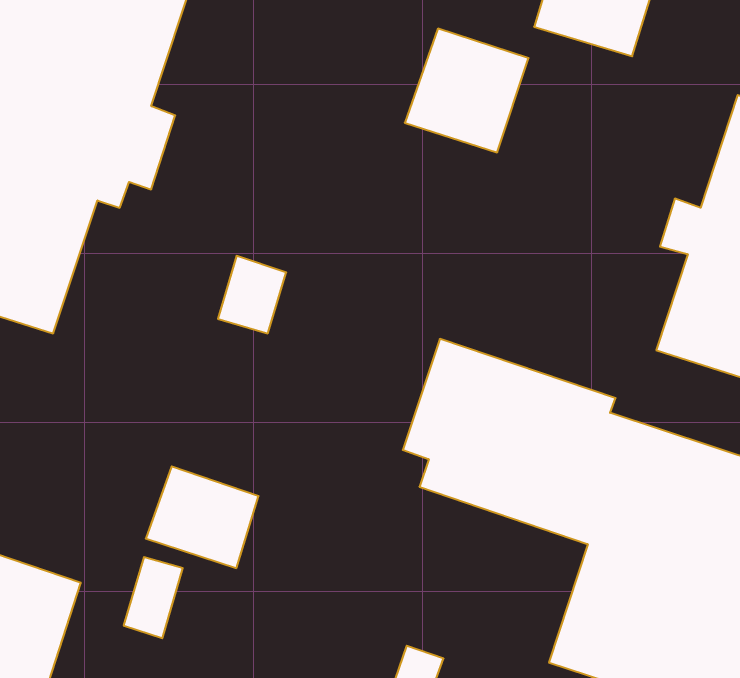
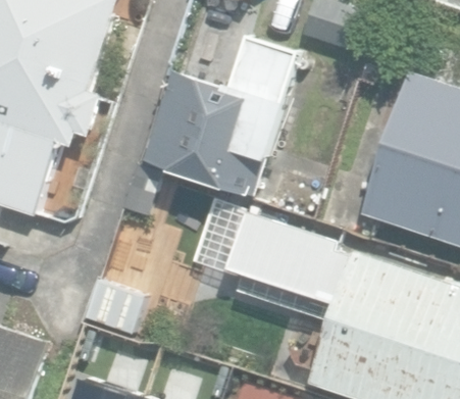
building: none -> [149,76,278,194]

